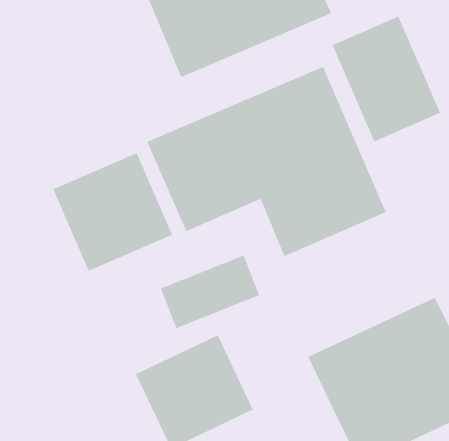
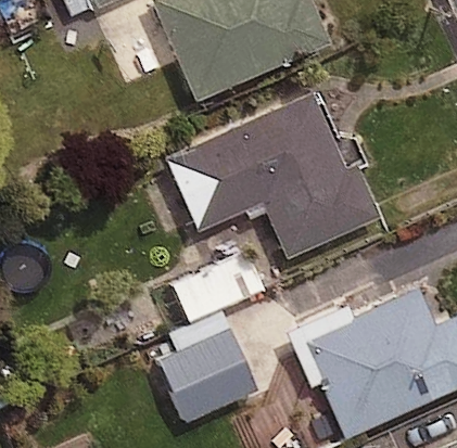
building: [331,15,441,143] -> none
building: [52,152,173,272] -> none

